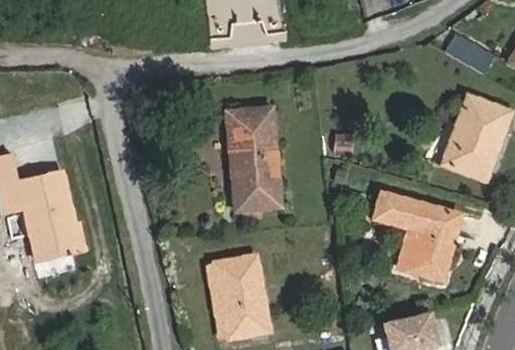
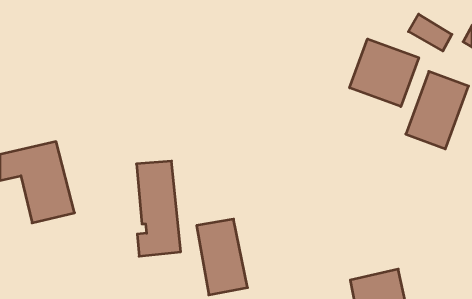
building: none -> [350,39,419,107]
building: [232,107,281,210] -> [136,161,181,256]
building: [373,191,461,281] -> none

